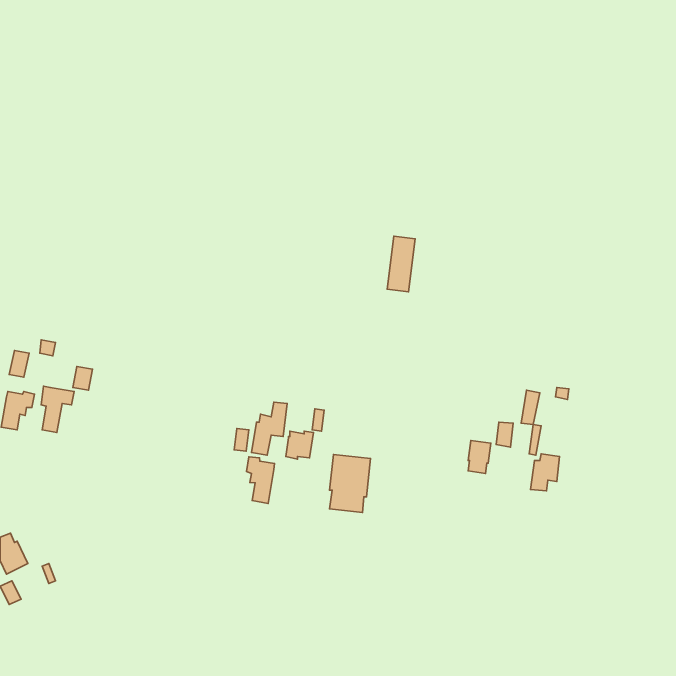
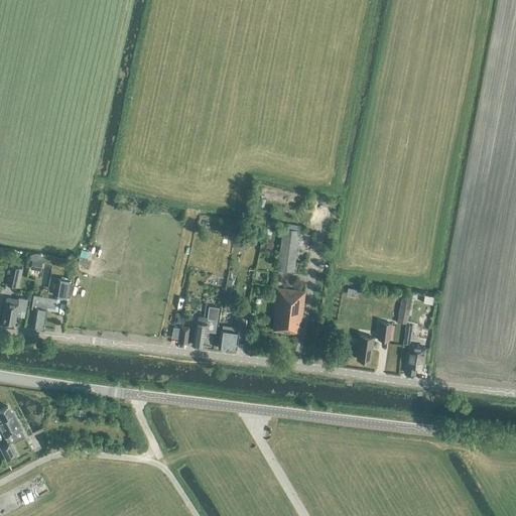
building: [387,236,415,292] -> [277,230,298,272]
building: [329,454,370,513] -> [273,288,304,333]
building: [246,457,275,503] -> none

